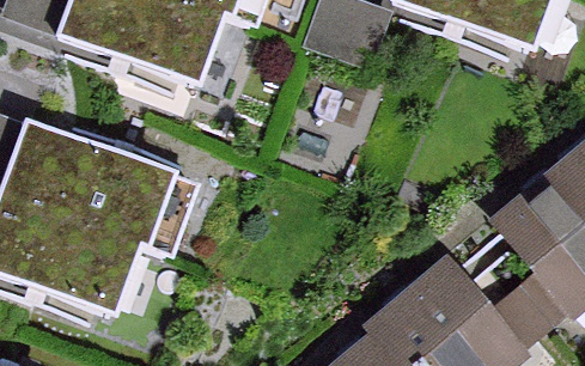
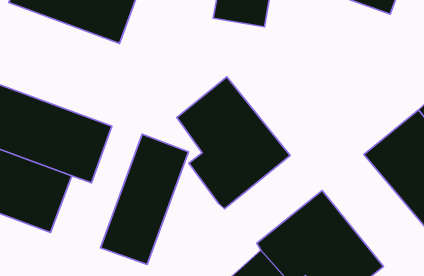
building: none -> [177,77,290,209]
building: none -> [100,134,188,265]

